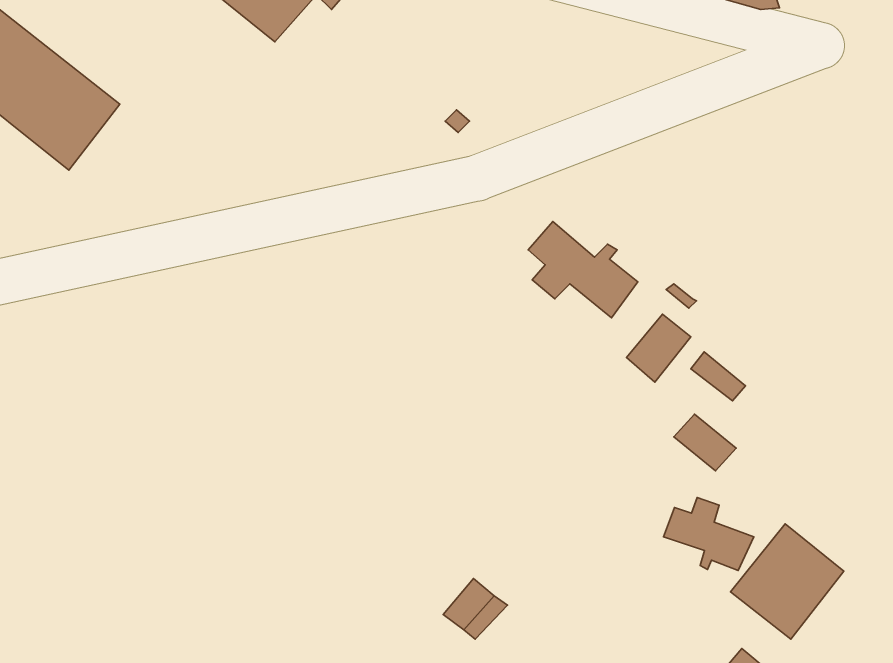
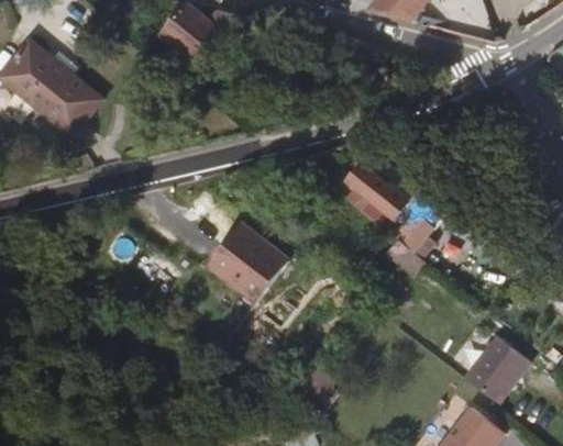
building: none -> [209,222,288,301]
building: [663,497,754,570] -> none

